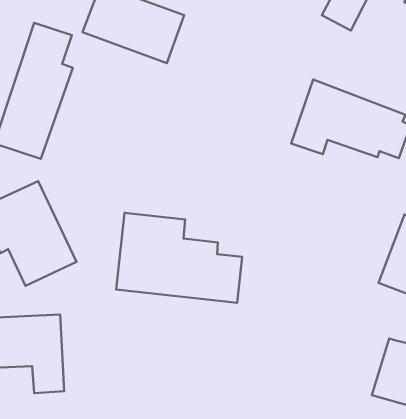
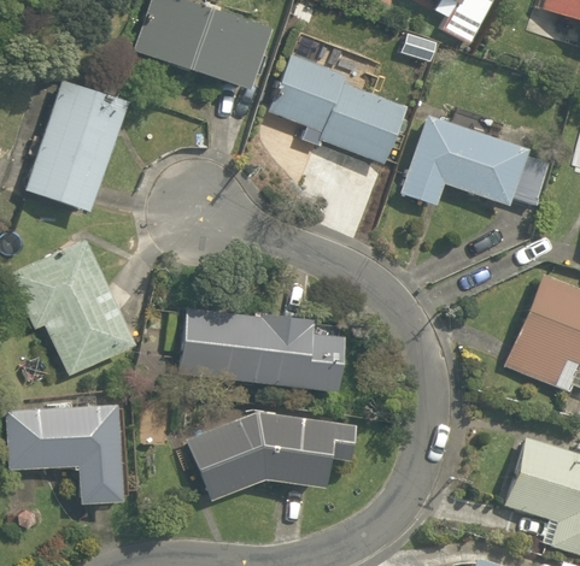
building: none -> [265,47,408,165]
building: none -> [180,407,347,506]

